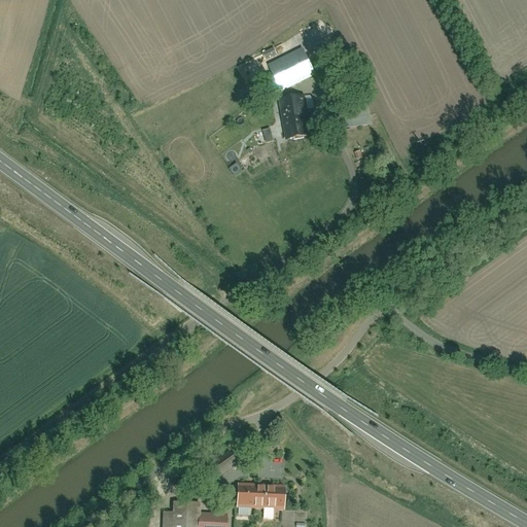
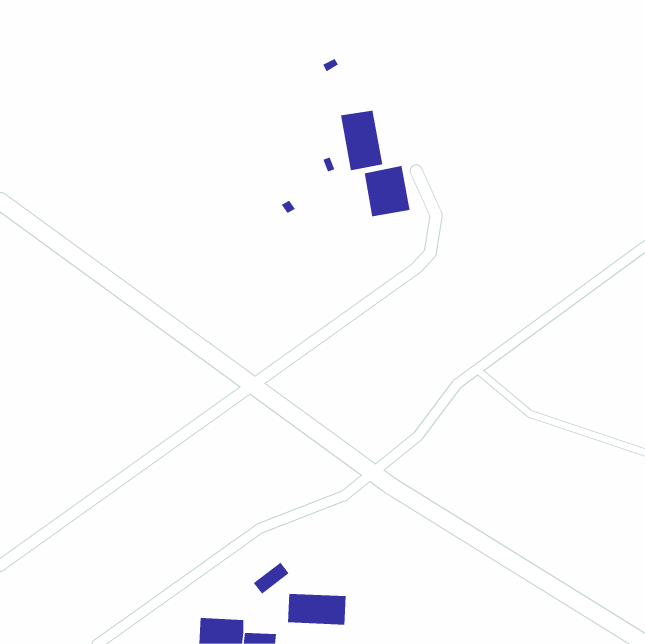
building: [268,47,315,92] -> none
building: none -> [364,165,410,217]

